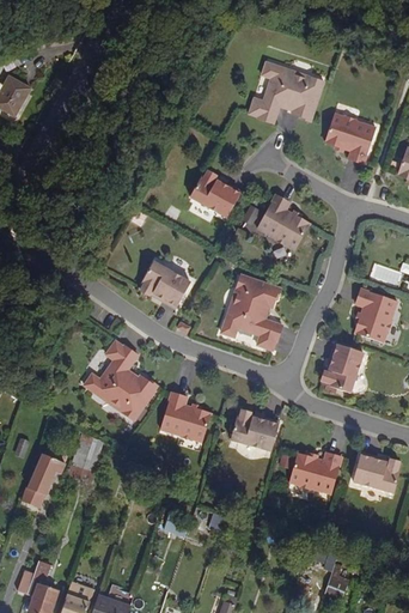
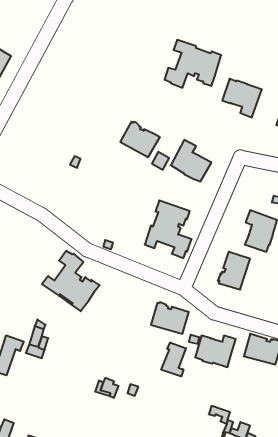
building: [138,260,190,308] -> none
building: [160,393,212,442] -> none
building: none -> [161,342,186,376]

